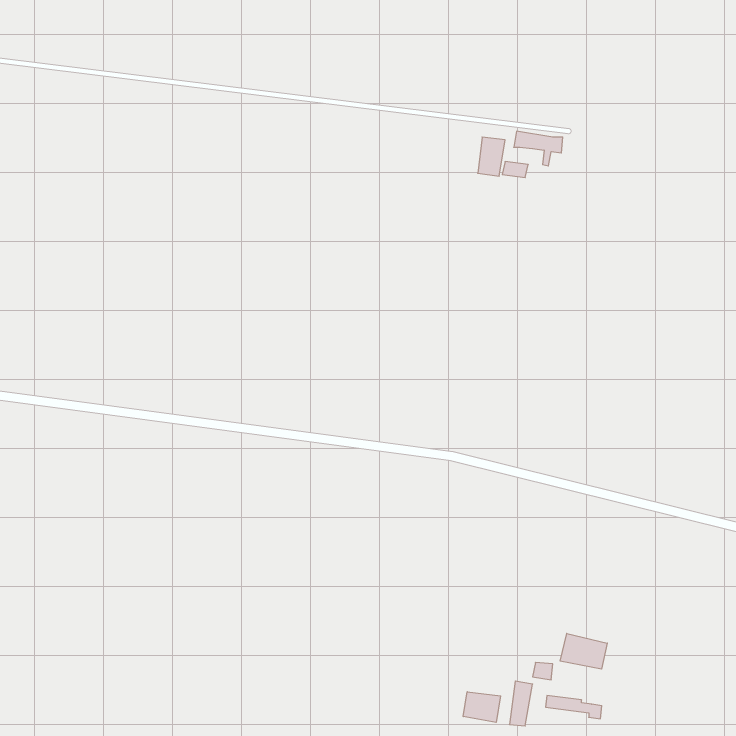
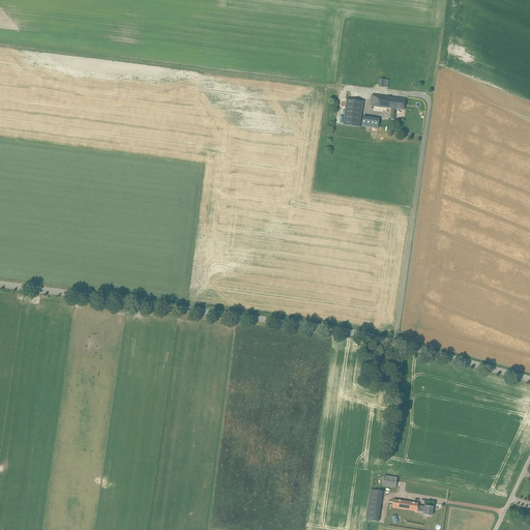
building: [560,633,607,669] -> none
building: [463,692,501,722] -> none

